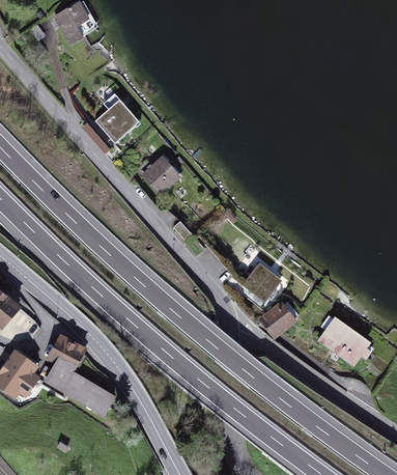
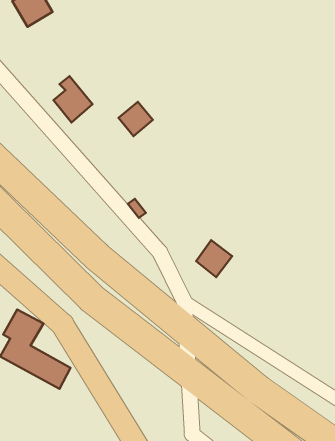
building: [144,157,179,192] -> [119,102,153,136]
building: [262,303,293,334] -> none
building: [320,318,370,363] -> none

